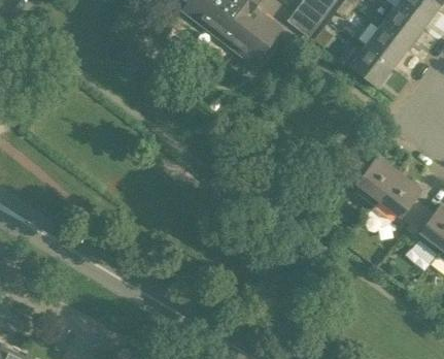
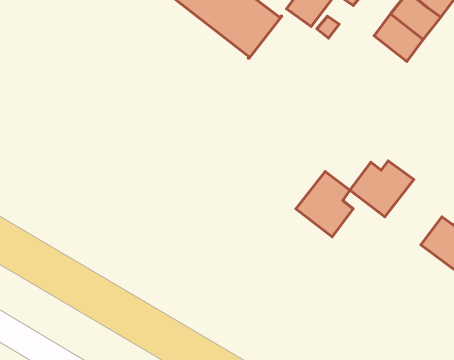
building: [348,45,392,88] -> none
building: [373,172,423,230] -> [296,171,353,237]

